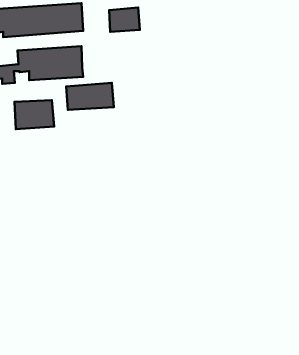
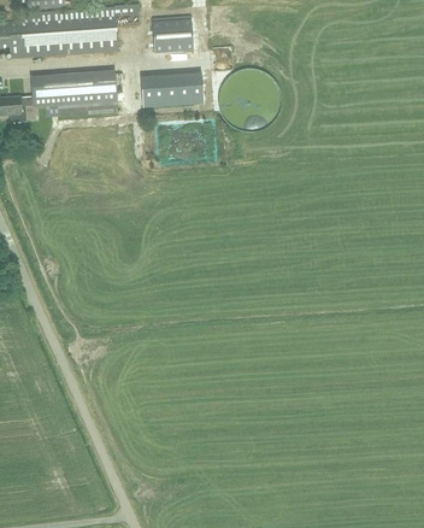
building: [66,83,114,110] -> [140,69,204,105]
building: [14,100,54,129] -> none

